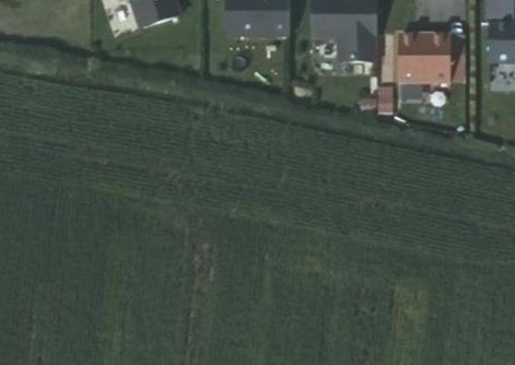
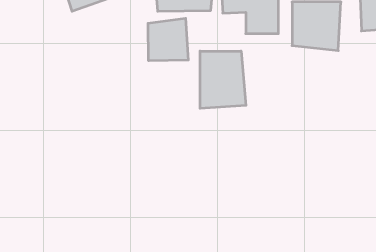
building: none -> [148,18,188,61]
building: none -> [200,51,246,108]

